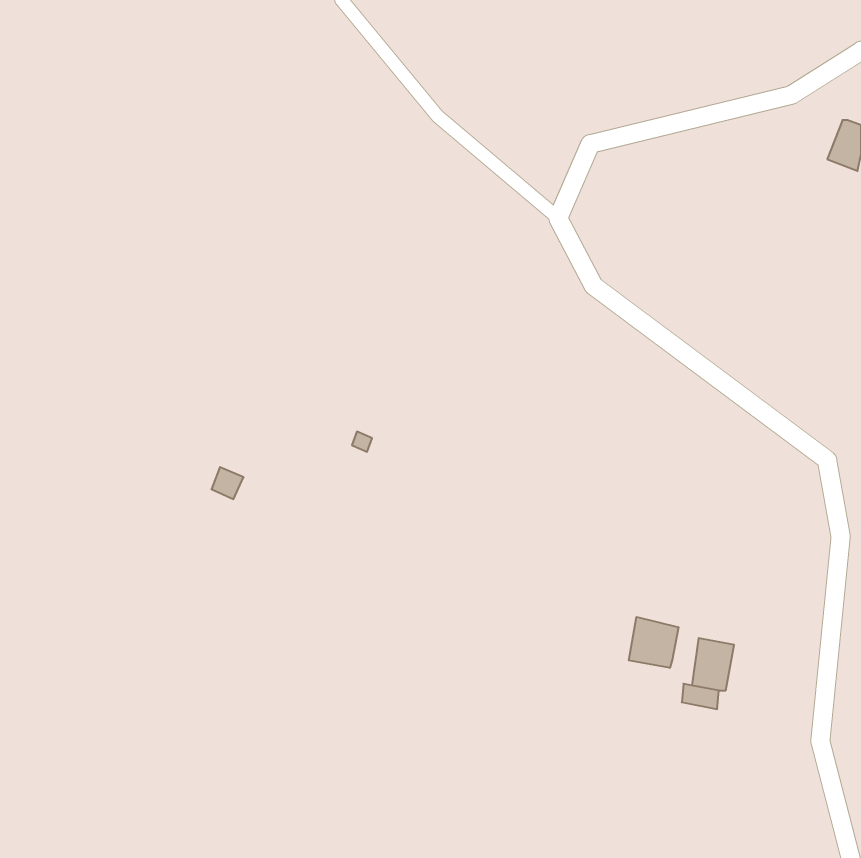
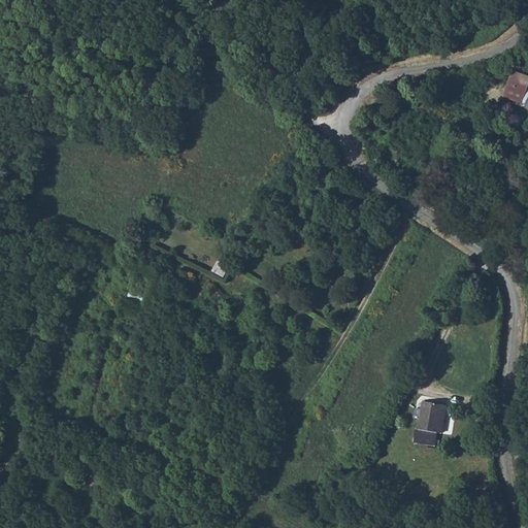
building: [629,617,678,668] -> none

